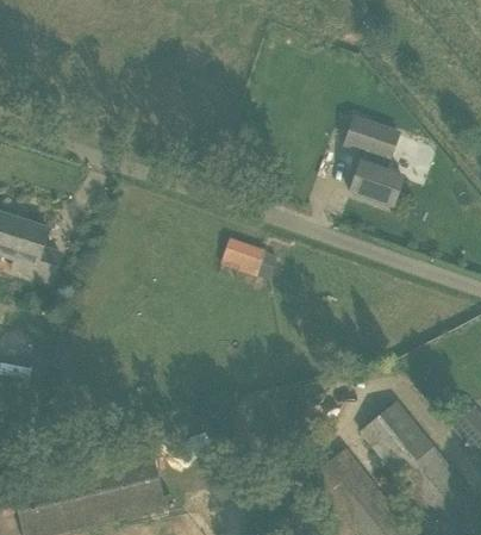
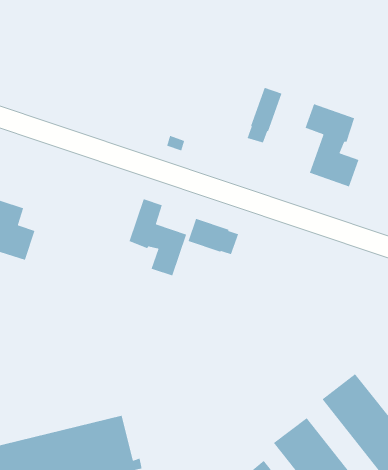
building: none -> [247,87,282,144]
building: none -> [129,198,187,277]

